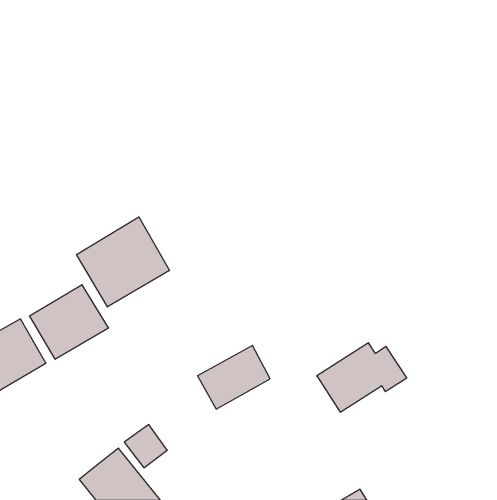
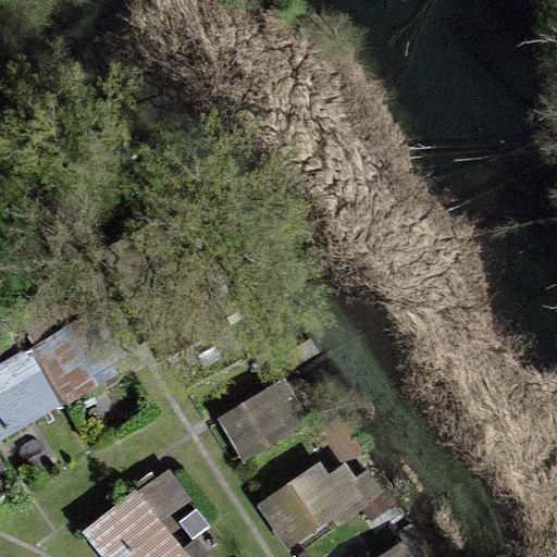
building: [77,217,169,307] -> none
building: [317,343,407,412] -> [259,468,359,545]

